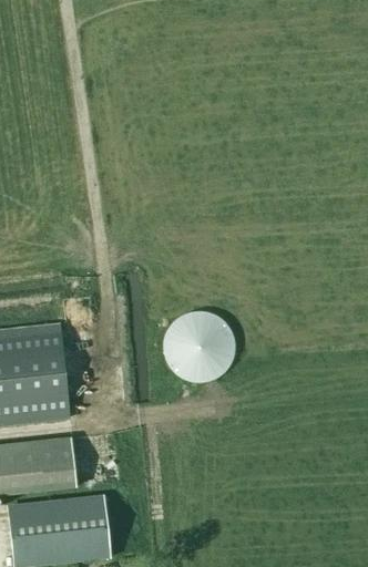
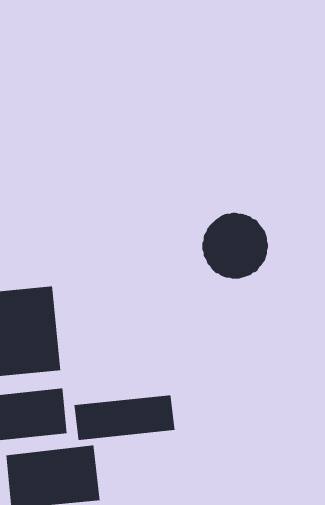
building: [164,310,236,382] -> [202,212,269,279]
building: none -> [74,394,175,441]

